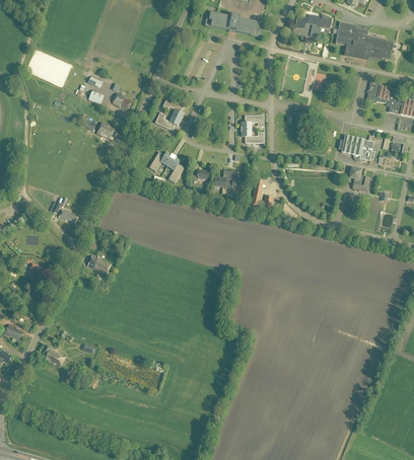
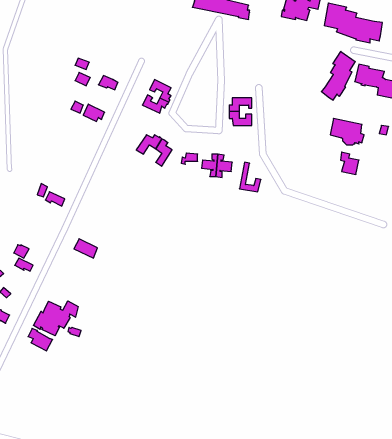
building: none -> [321,51,355,100]
building: none -> [33,301,78,336]

